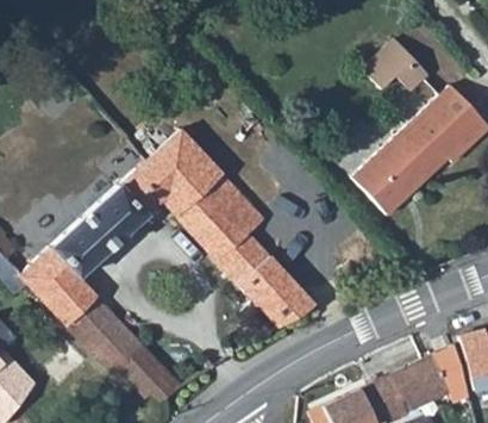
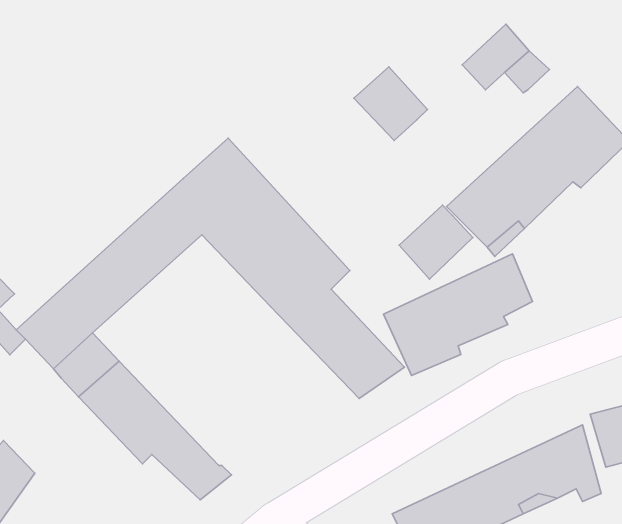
building: none -> [354,67,427,141]
building: none -> [399,205,473,279]
building: none -> [384,254,533,376]

